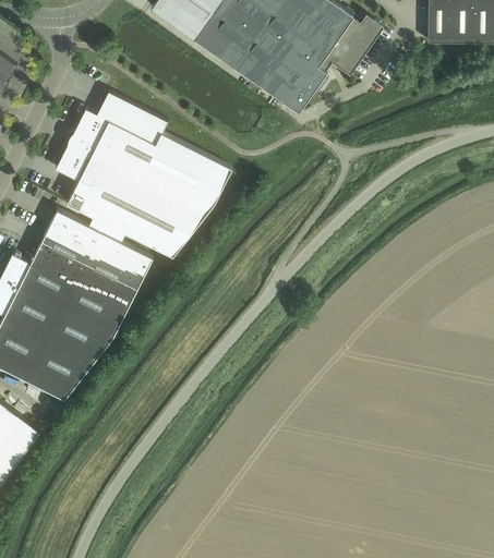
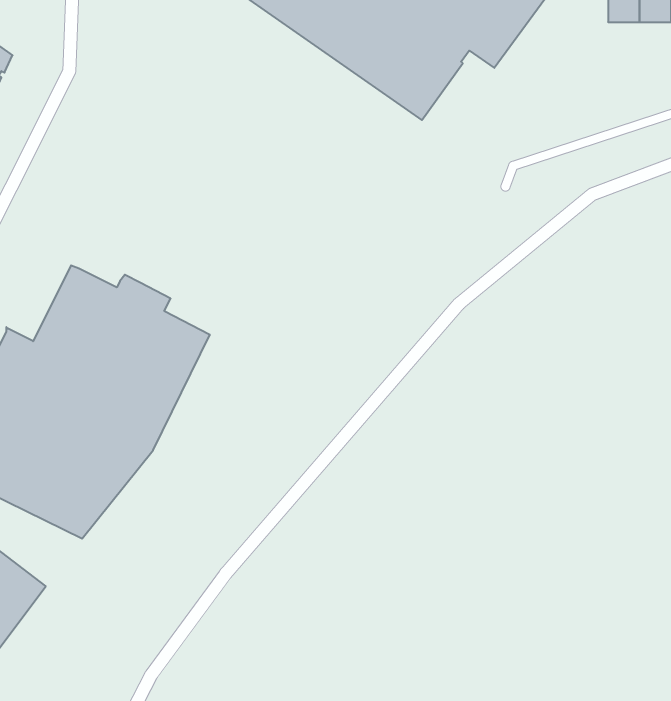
building: [56,92,231,256] -> none

